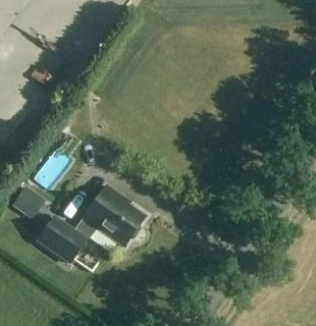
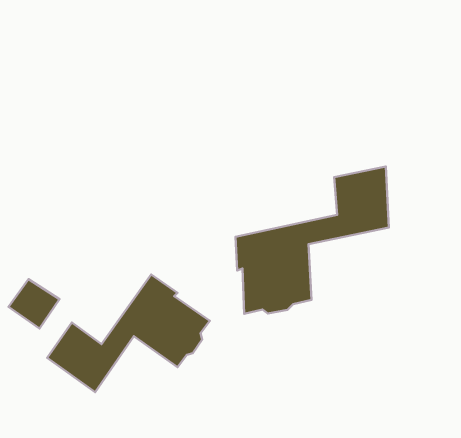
building: none -> [236,166,389,314]

